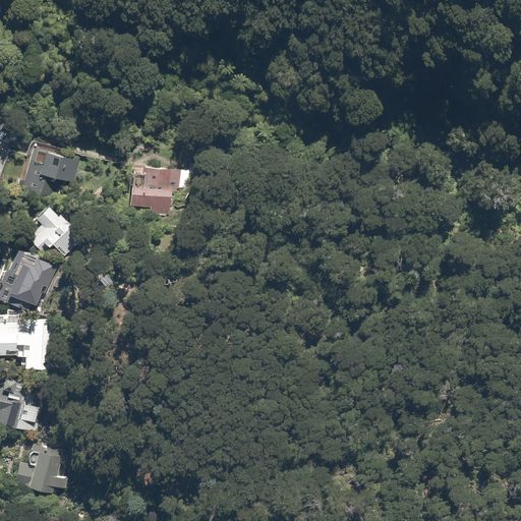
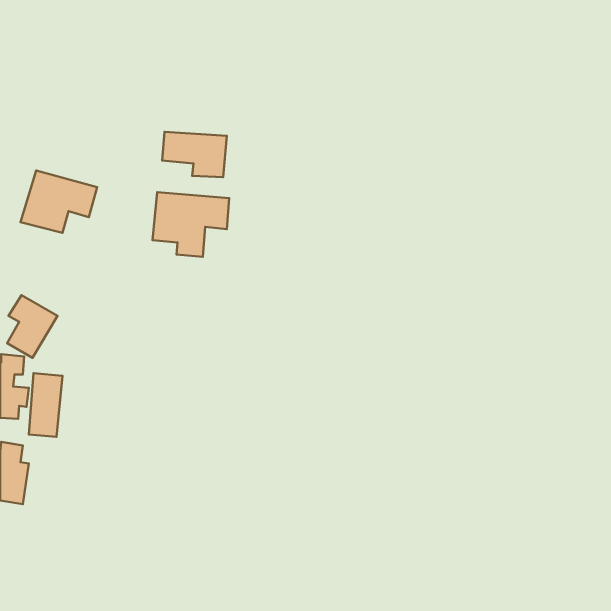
building: none -> [162,132,227,177]
building: [27,208,75,249] -> none
building: [16,447,61,495] -> none

